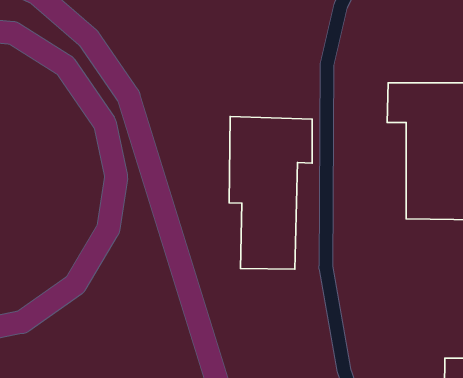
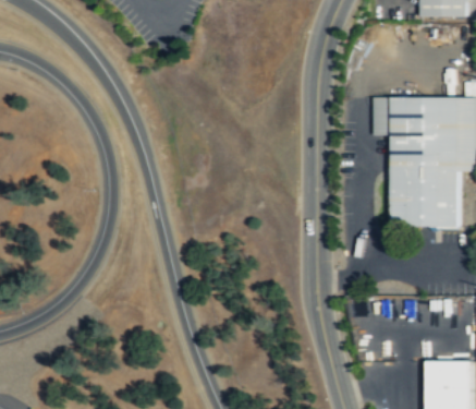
building: [229,116,312,269] -> none

